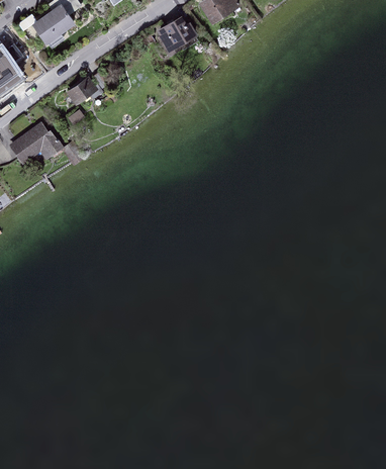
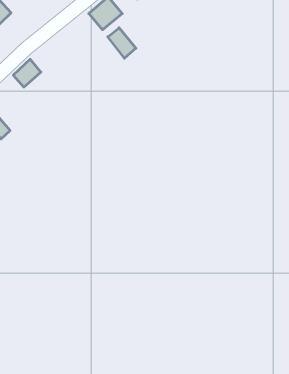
building: none -> [108,28,136,58]

